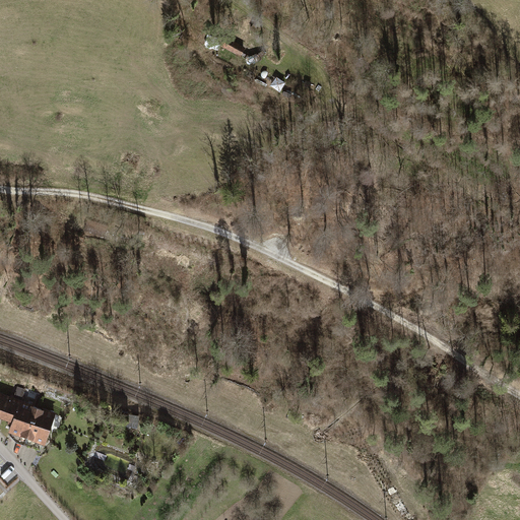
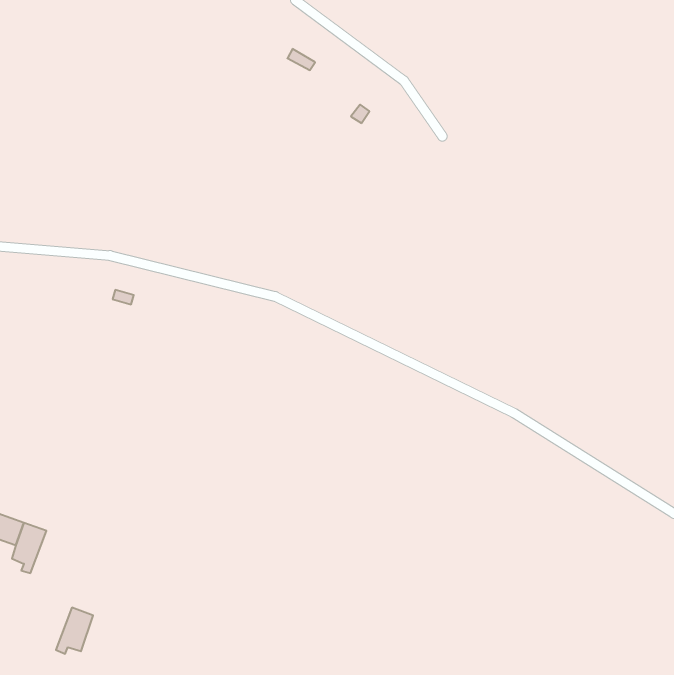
building: [23,408,52,444] -> [56,608,93,654]

